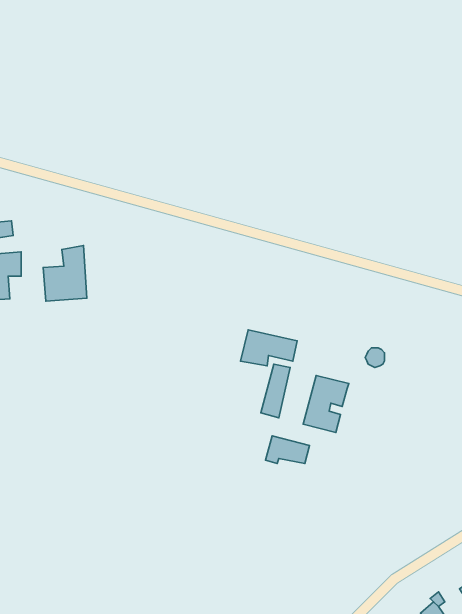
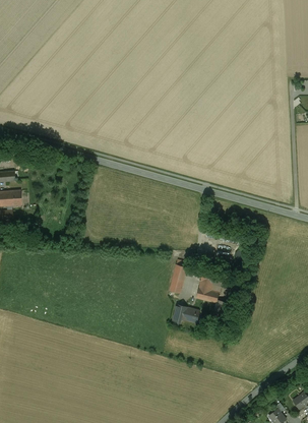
building: [43,246,87,301] -> none
building: [241,330,297,366] -> none

